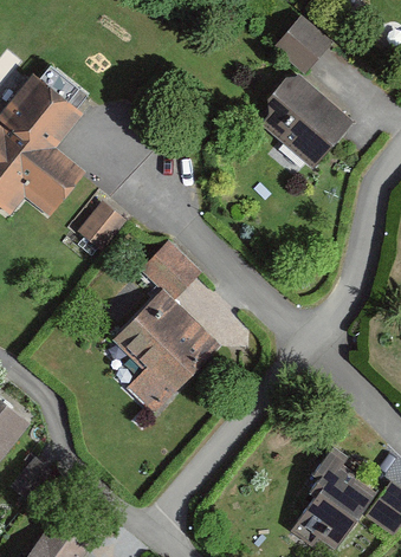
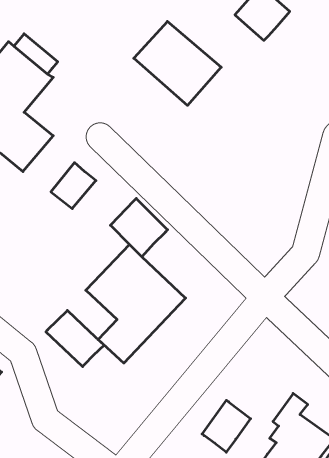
building: [257,75,349,163] -> [134,21,221,105]
building: none -> [46,310,104,367]
building: none -> [202,400,251,452]

